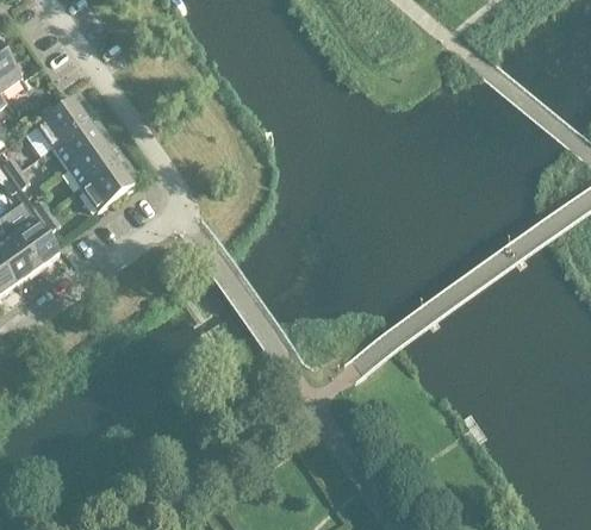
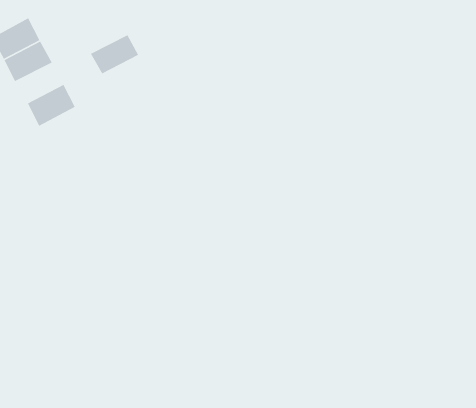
building: [66,141,117,186] -> [90,34,139,75]

